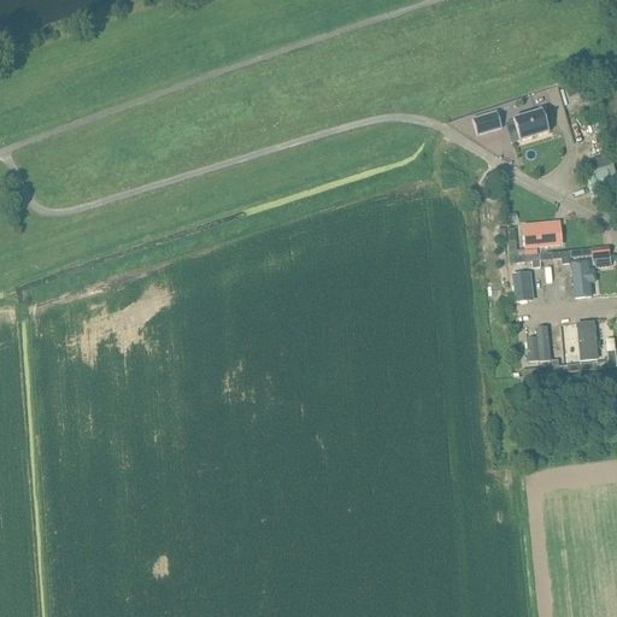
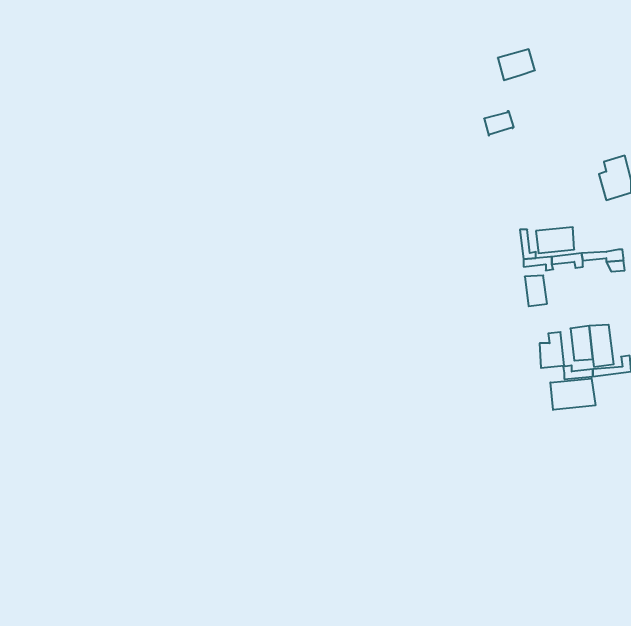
building: [512,108,548,139] -> [498,49,535,80]
building: [572,258,594,295] -> none
building: none -> [550,378,595,410]

